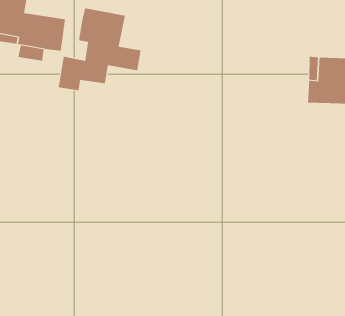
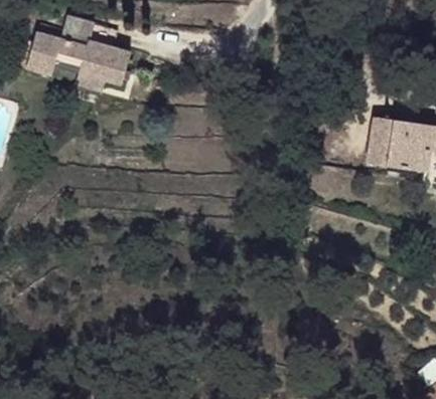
building: [58,7,141,91] -> none

